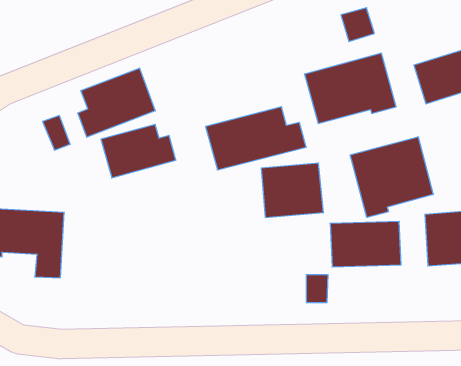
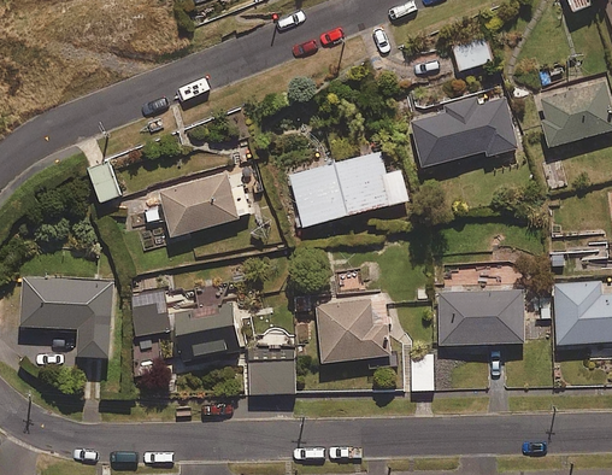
building: [78,68,155,137] -> none
building: [350,137,433,217] -> none
building: [261,163,324,218] -> [316,297,392,363]
building: none -> [133,283,239,359]
building: none -> [247,348,294,395]

